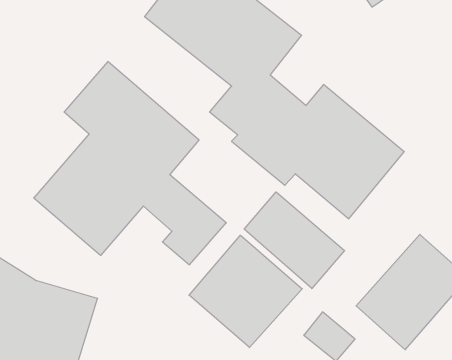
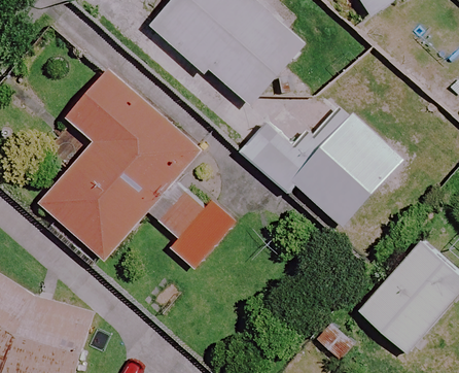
building: [244,192,345,289] -> none
building: [189,235,302,348] -> none

